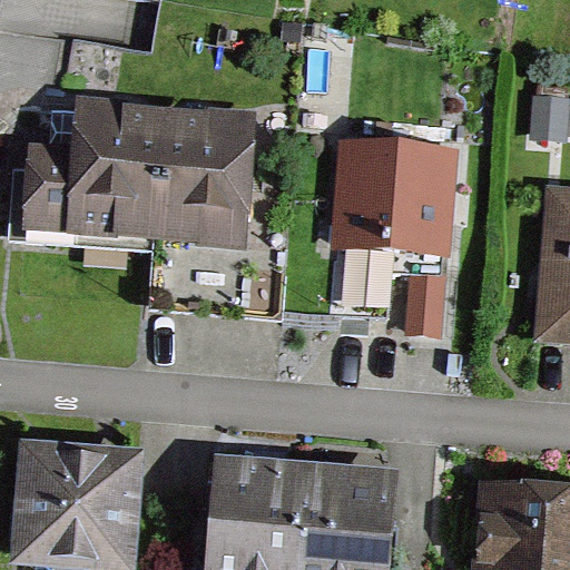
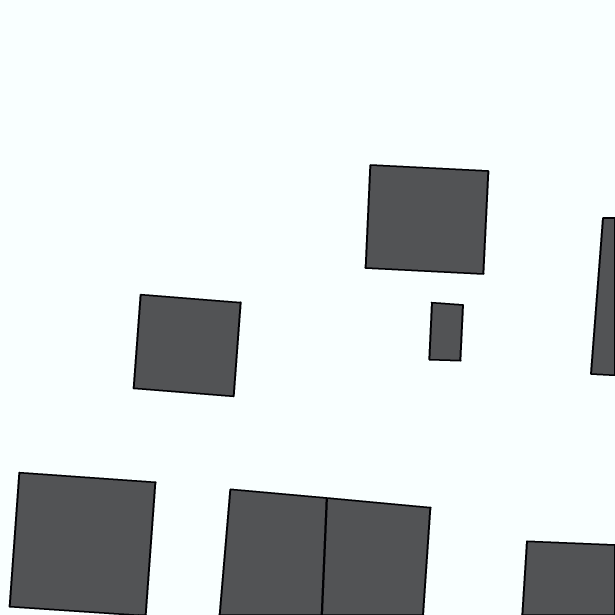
building: [38,117,255,248] -> none
building: none -> [134,295,241,396]

